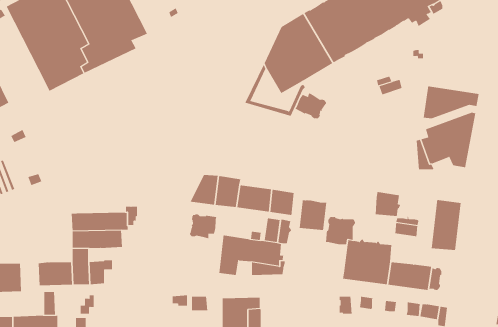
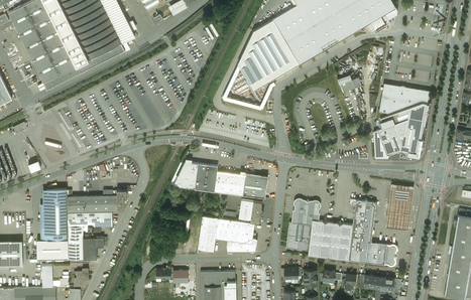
building: [295,92,327,119] -> none
building: [375,192,401,217] -> [351,219,374,242]
building: [299,199,327,231] -> [286,221,312,250]
building: none -> [46,189,68,240]
building: [189,213,217,239] -> none

